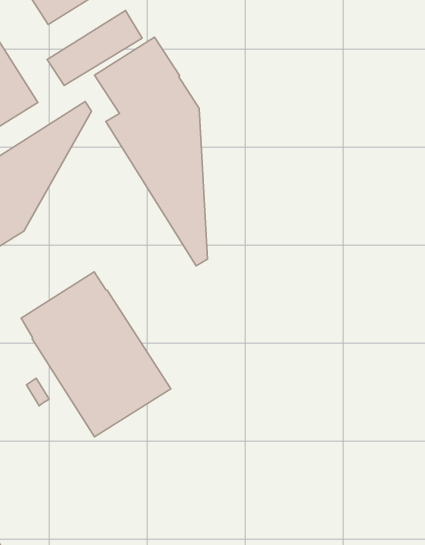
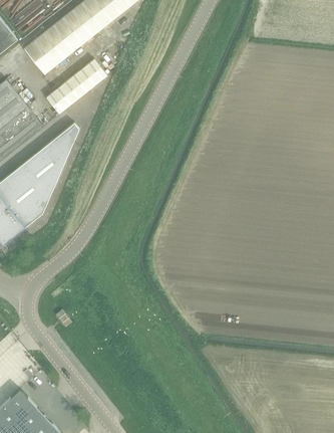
building: [95,37,208,266] -> none
building: [21,272,171,437] -> none

